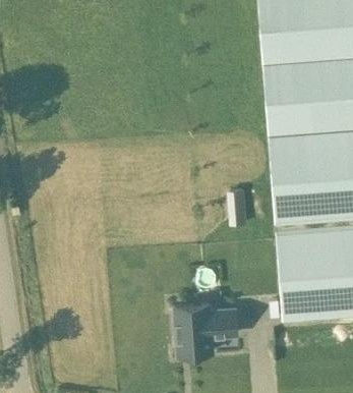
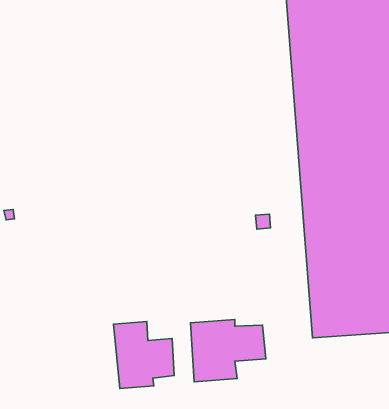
building: none -> [114,321,174,388]

